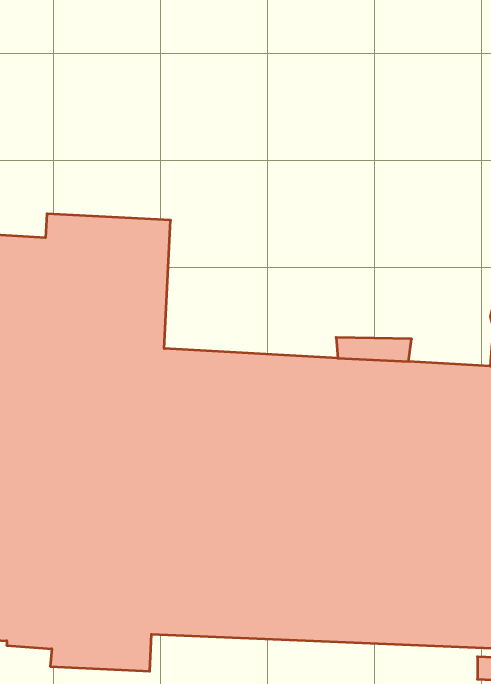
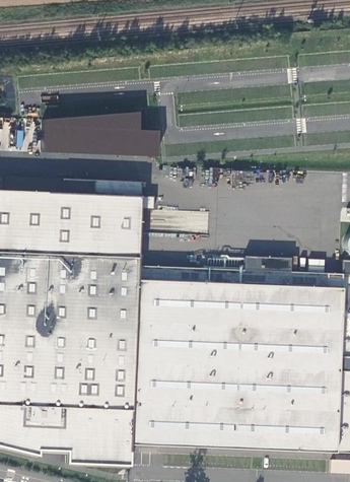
building: none -> [44,111,159,154]

